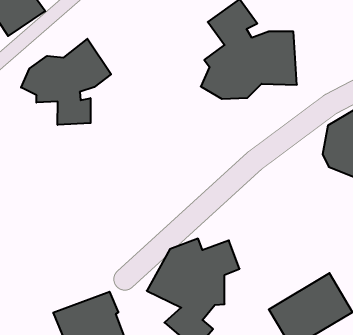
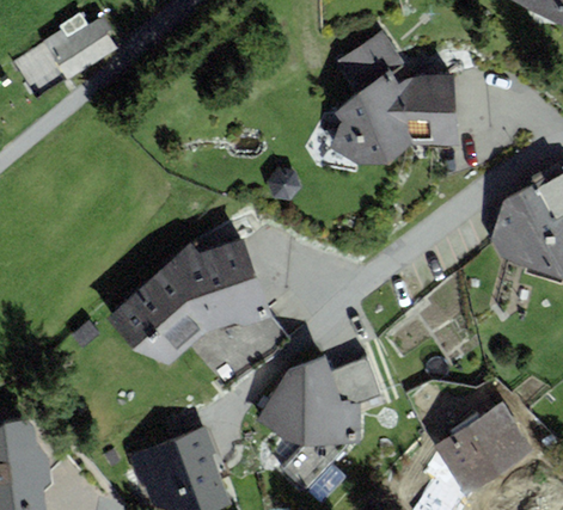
building: [21,39,111,125] -> none
building: none -> [108,240,273,367]

